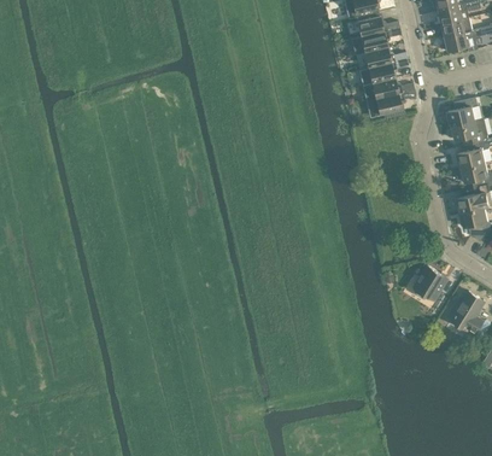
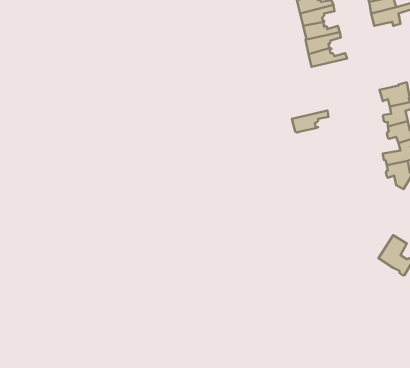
building: [375,89,417,115] -> [292,110,328,132]
building: [447,98,484,125] -> none
building: [415,265,450,300] -> none

